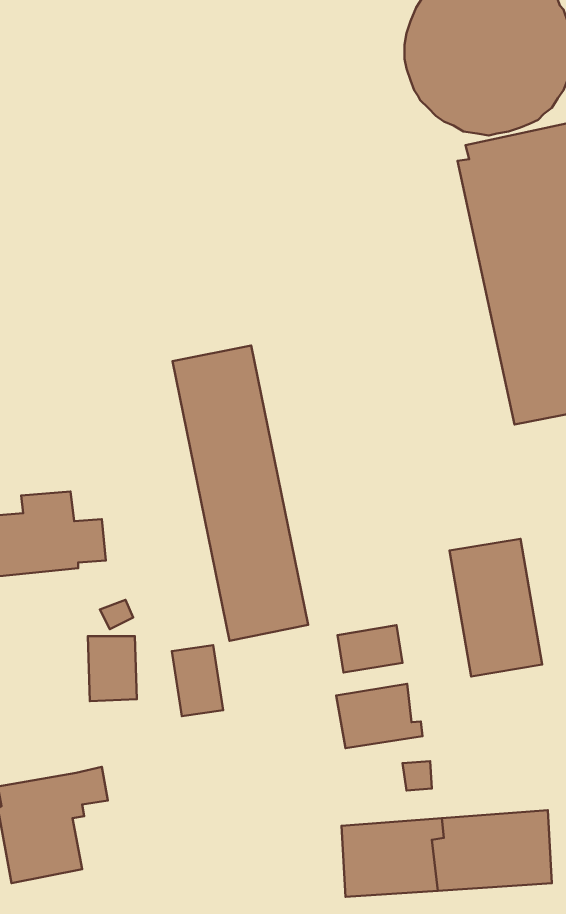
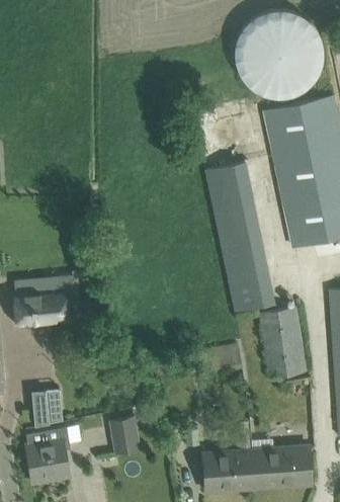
building: [172,346,308,641] -> [205,161,275,313]
building: [88,636,137,701] -> [38,389,64,422]
building: [172,645,223,716] -> [111,418,138,454]
building: [336,684,423,748] -> none

